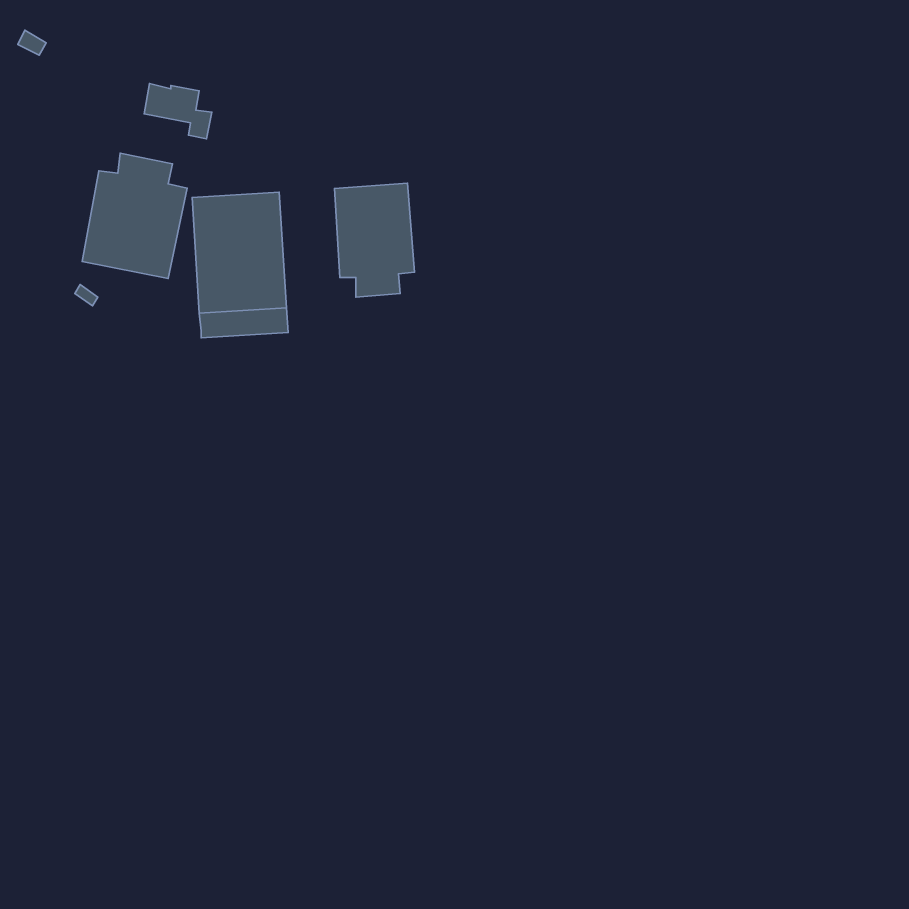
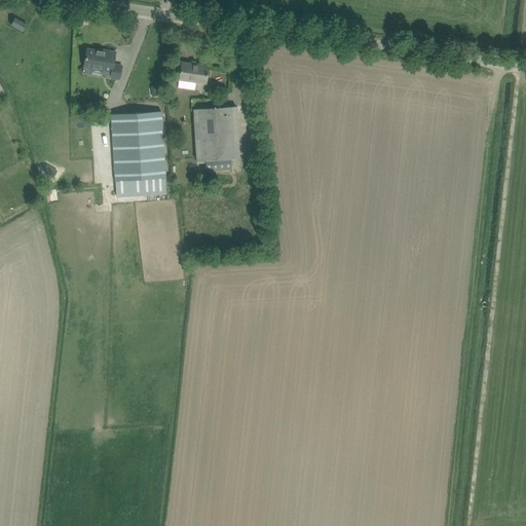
building: none -> [179,62,209,83]
building: [82,153,187,279] -> none

